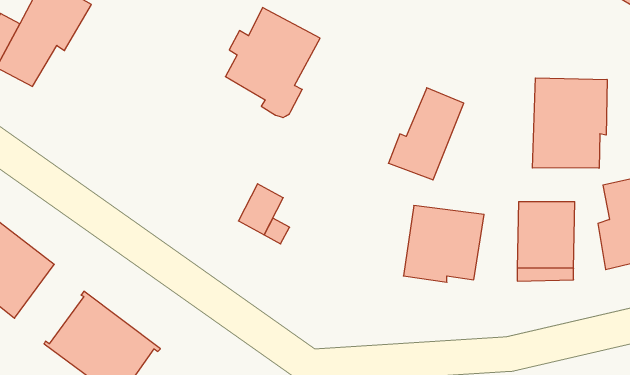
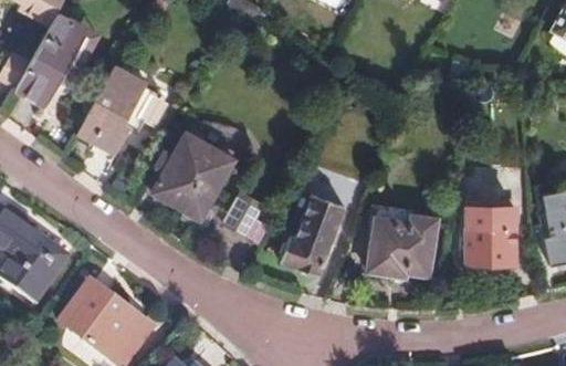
building: [225,8,320,118] -> [153,134,234,229]
building: none -> [78,70,161,156]
building: [532,78,607,168] -> none
building: [388,88,464,180] -> [280,196,345,275]

